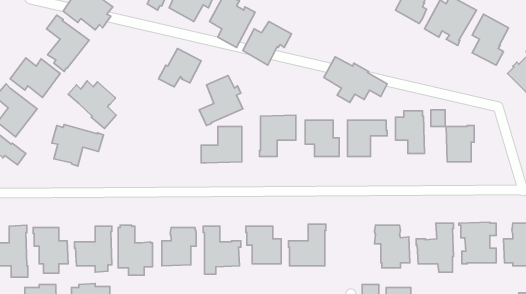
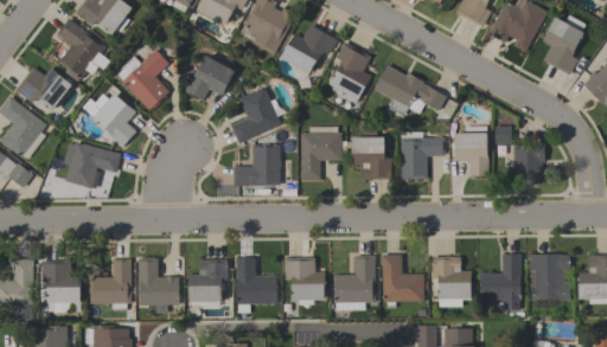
building: none -> [330,41,372,104]
building: none -> [116,50,170,111]
building: none -> [382,255,428,308]

